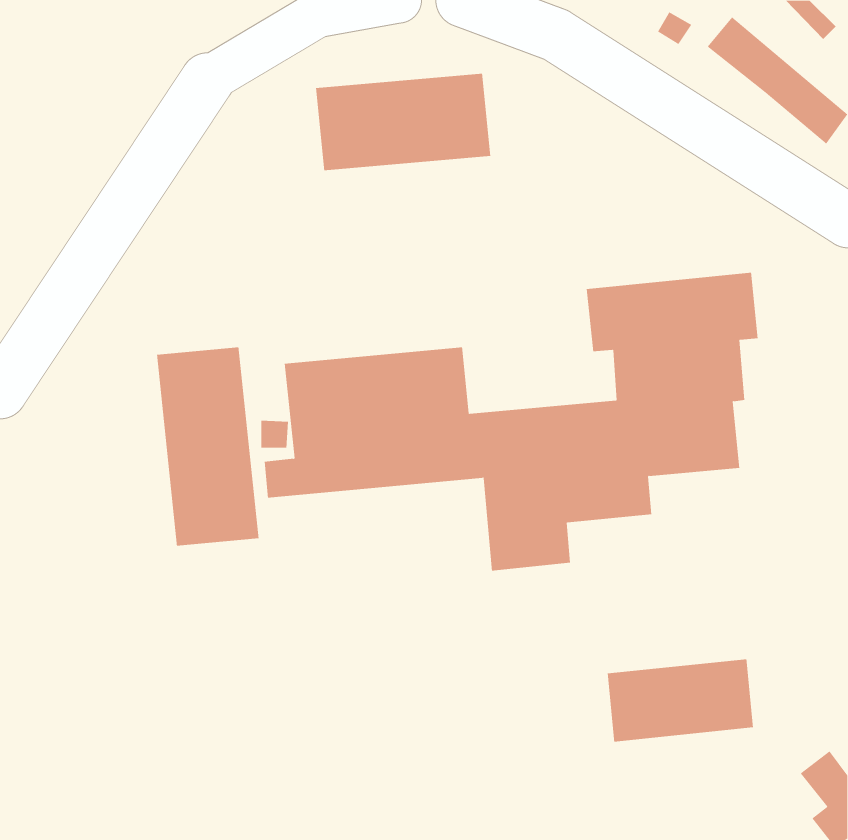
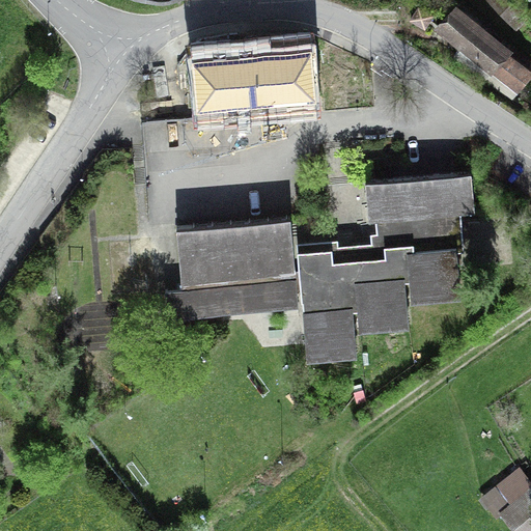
building: [156,347,259,546] -> none
building: [607,658,753,742] -> none

